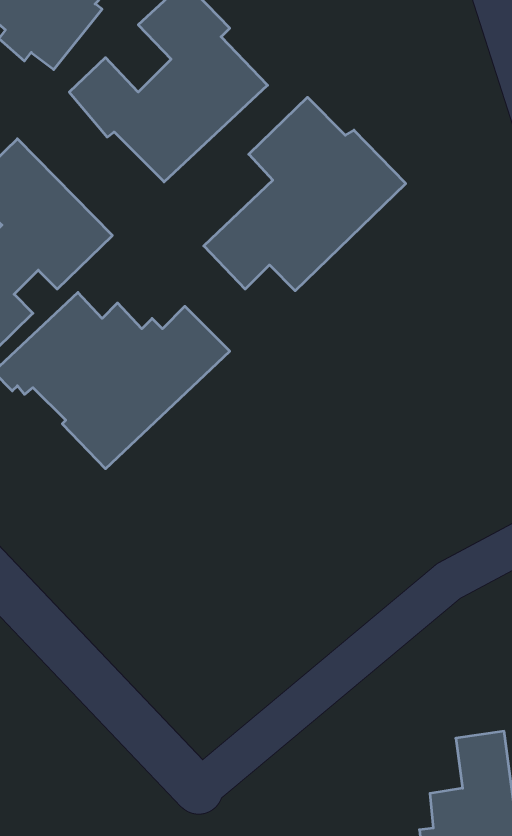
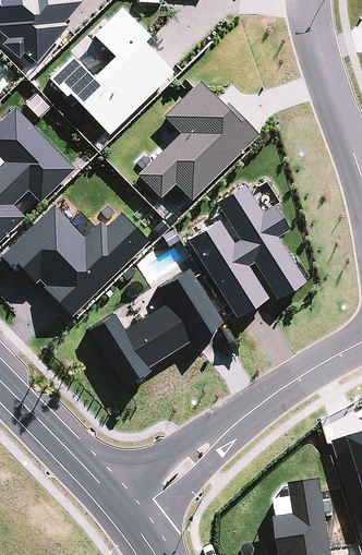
building: none -> [188,184,305,317]
building: none -> [88,267,224,386]

